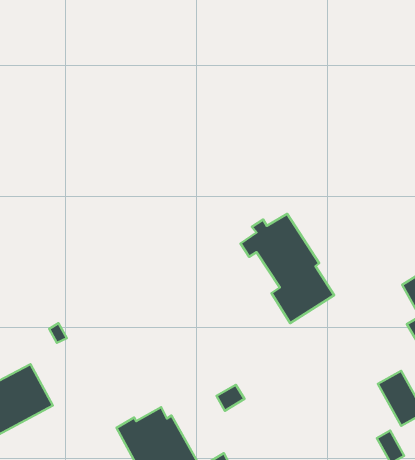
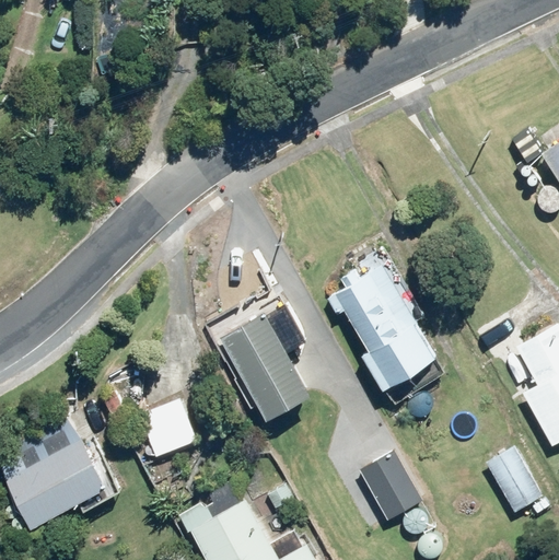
building: none -> [221,307,314,412]
building: none -> [139,399,196,456]
building: none -> [351,455,408,513]

